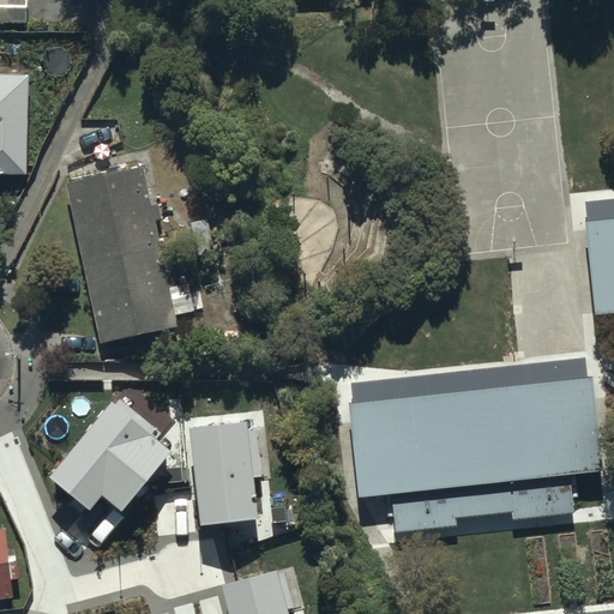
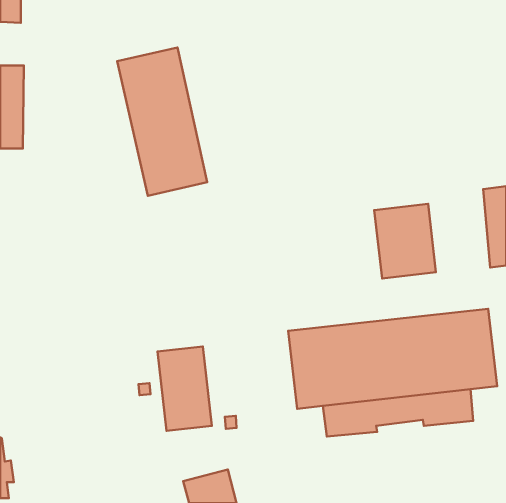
building: [65,169,174,349] -> [117,47,207,196]
building: none -> [374,204,436,278]
building: [52,399,170,505] -> none

